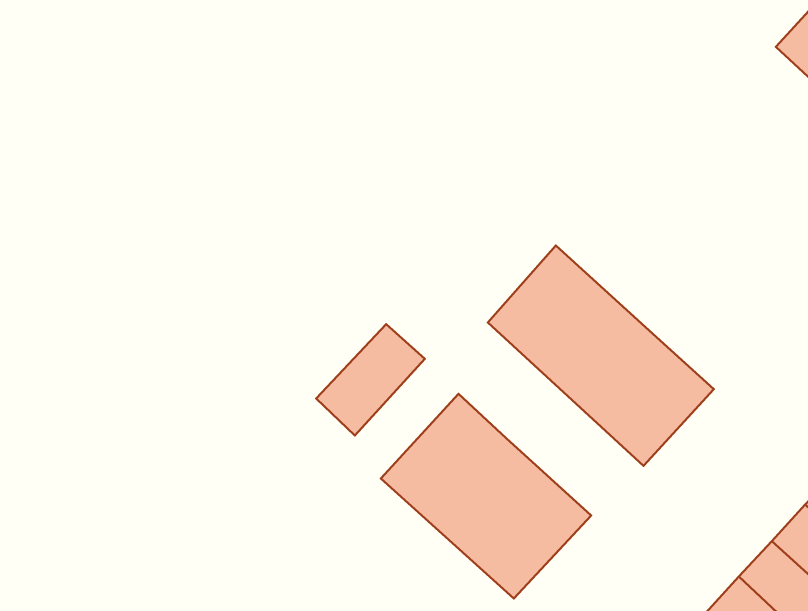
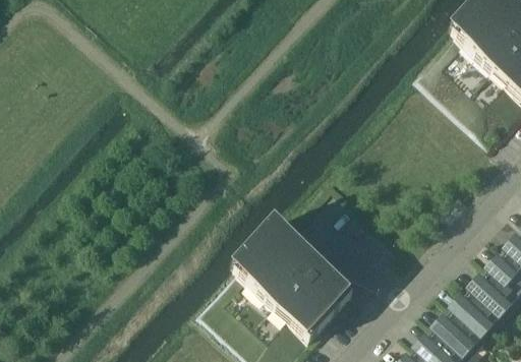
building: [488,246,714,466] -> none
building: [316,324,425,436] -> none

